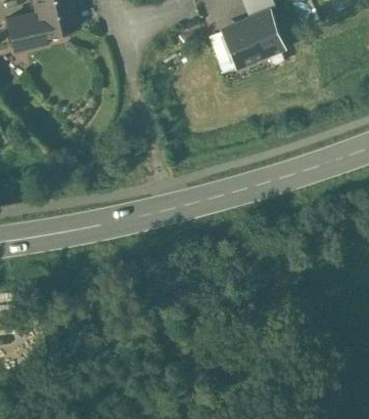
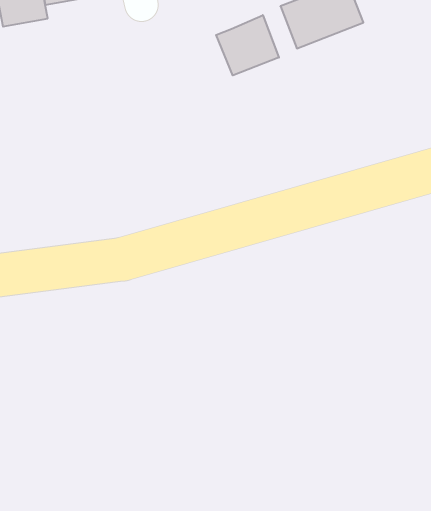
building: none -> [216,15,279,75]

